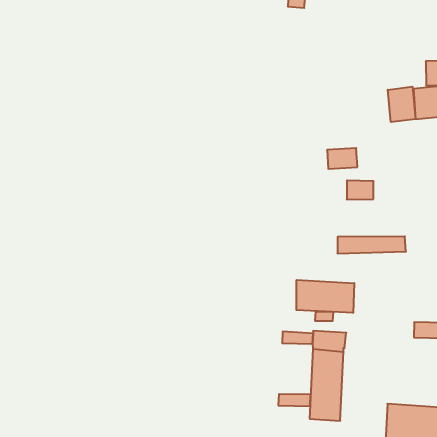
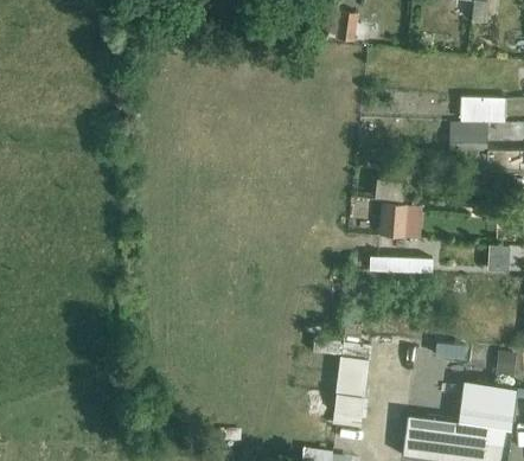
building: [388,87,415,122] -> none
building: [296,280,354,313] -> none

